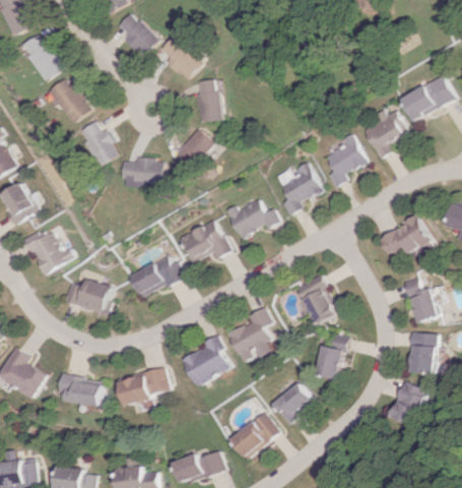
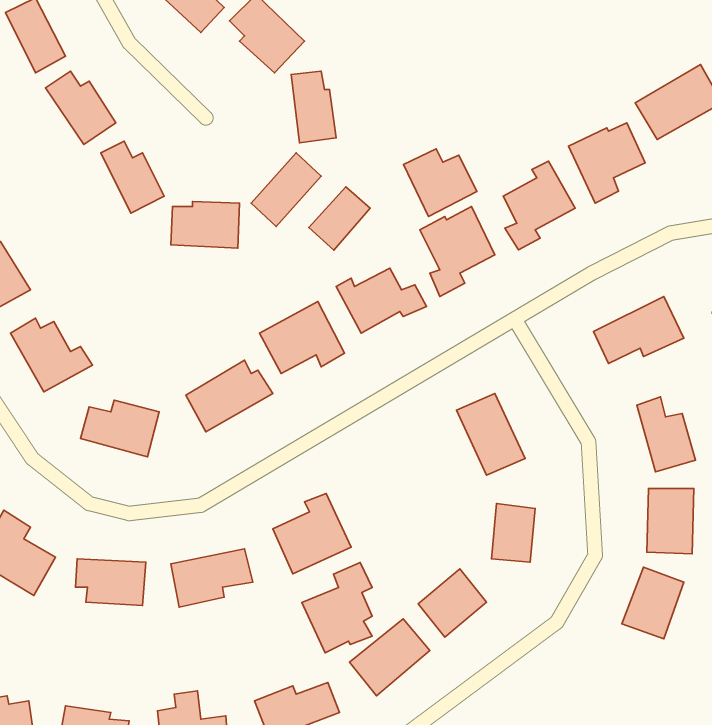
building: none -> [403,149,477,216]
building: none -> [309,187,370,250]
building: [227,307,270,362] -> [302,563,372,653]

